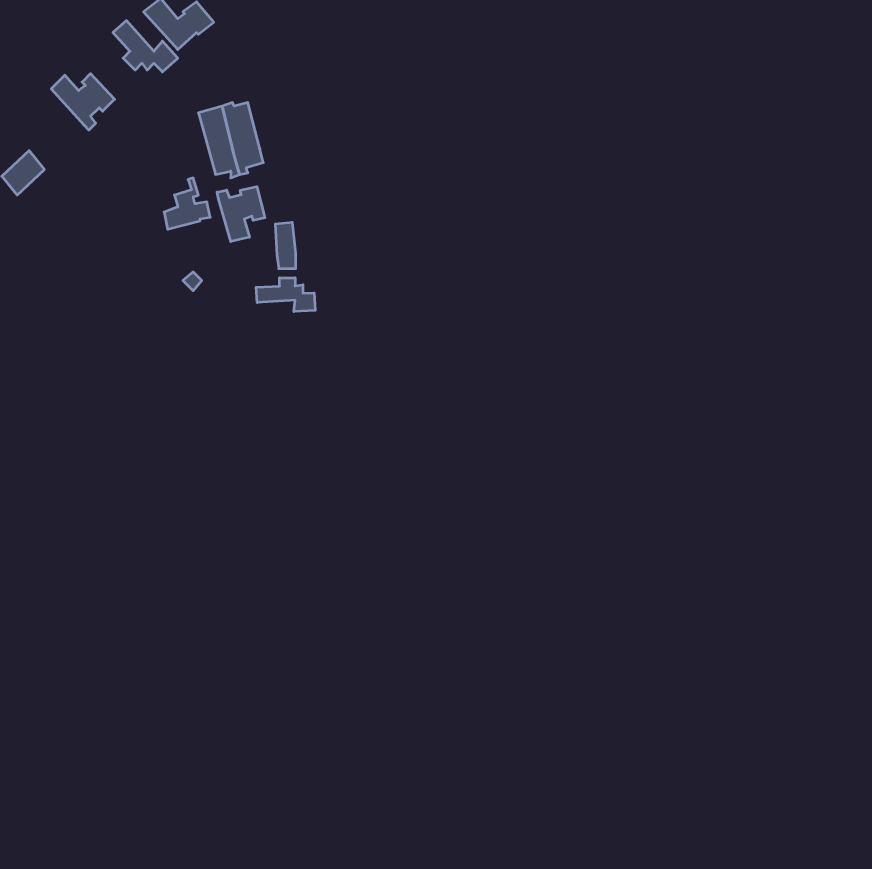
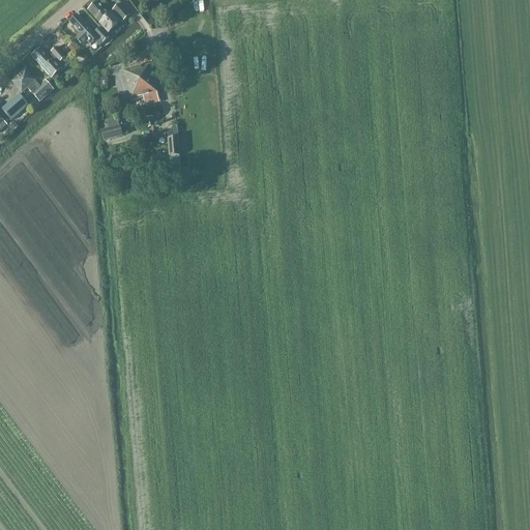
building: none -> [10,66,52,99]
building: [217,187,265,242] -> none
building: [256,278,315,312] -> none

